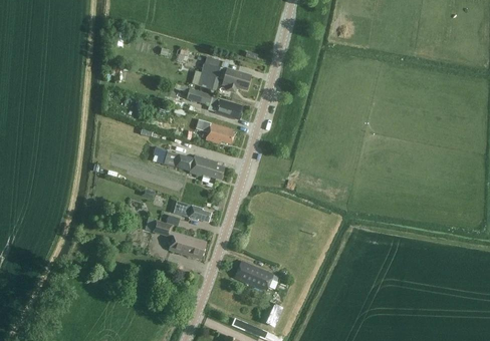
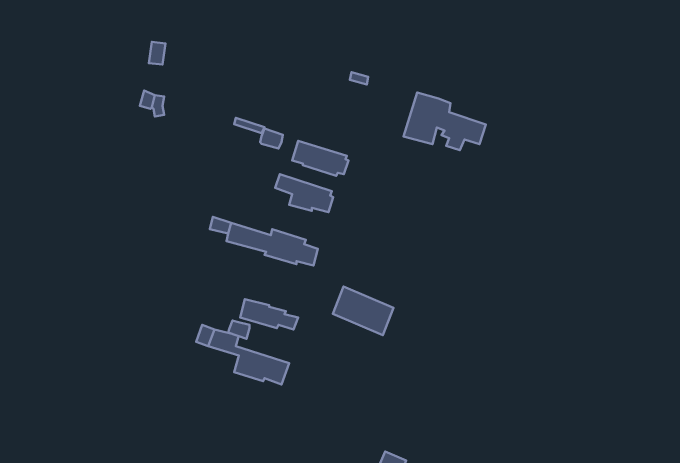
building: [197,55,251,93] -> [403,92,486,150]
building: [233,260,273,292] -> [333,287,394,335]

